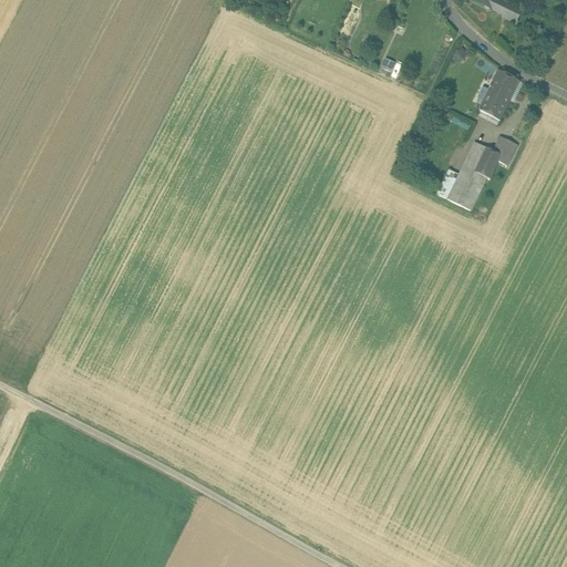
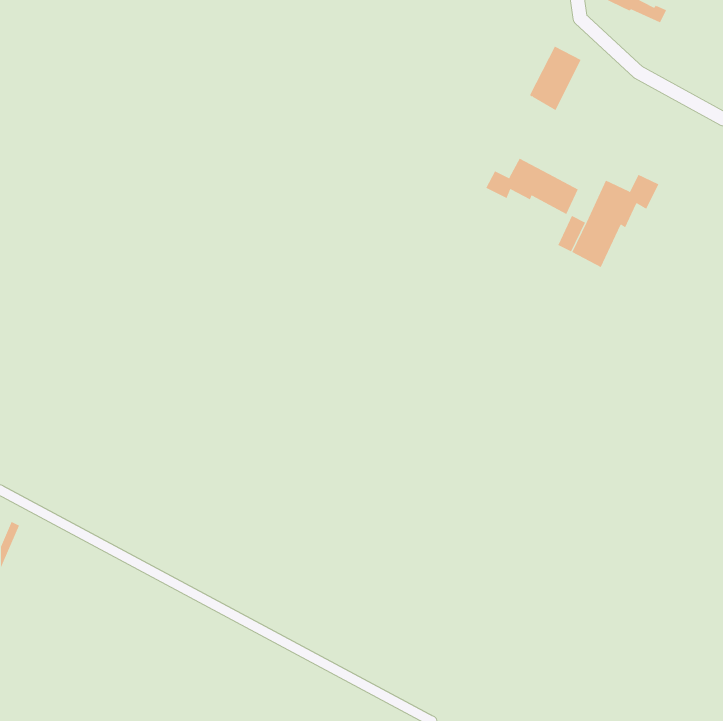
building: [478,69,519,120] -> [529,46,581,111]
building: none -> [485,158,579,215]

